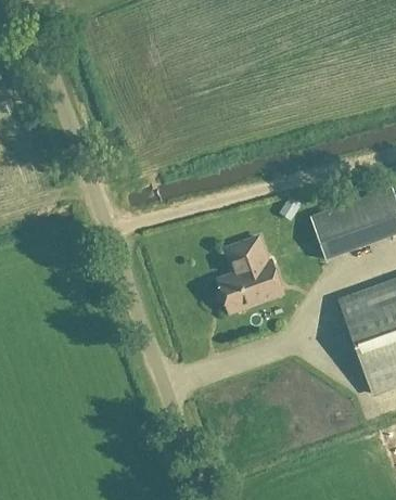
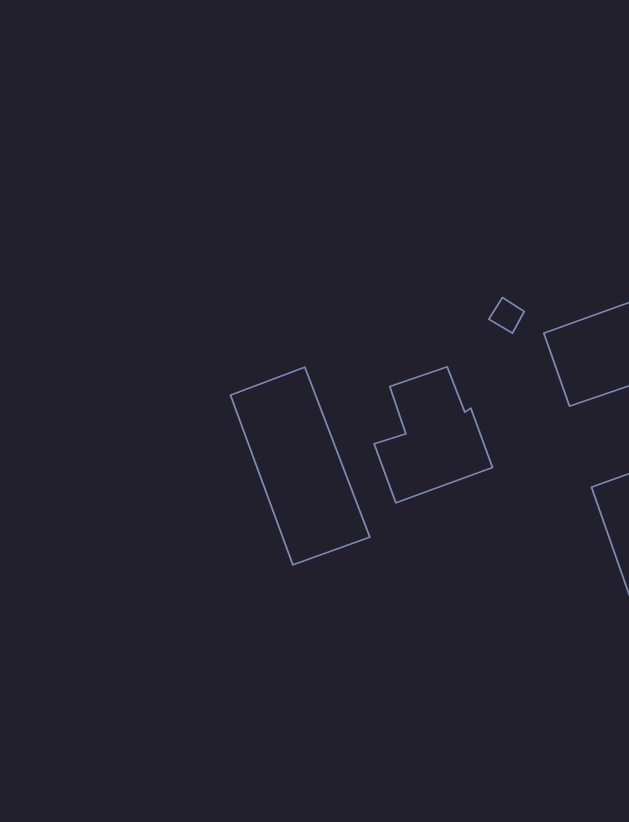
building: none -> [230,367,370,565]

